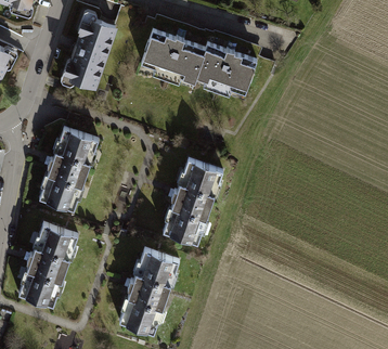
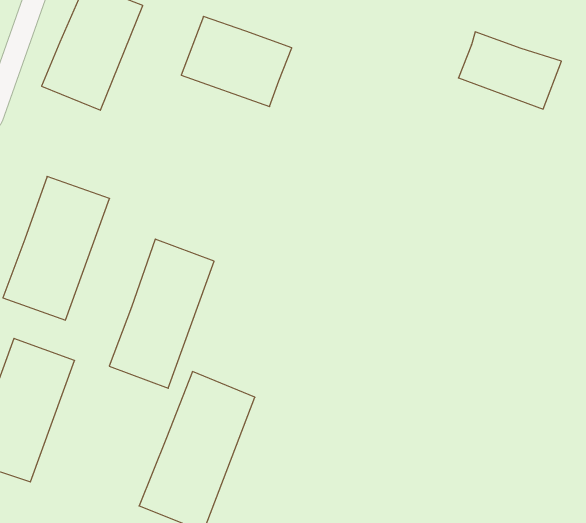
building: [198,43,259,89] -> [458,32,561,109]
building: [161,156,223,244] -> [109,239,214,388]

